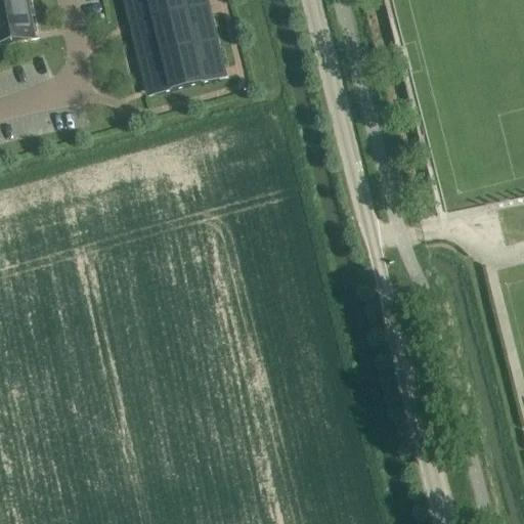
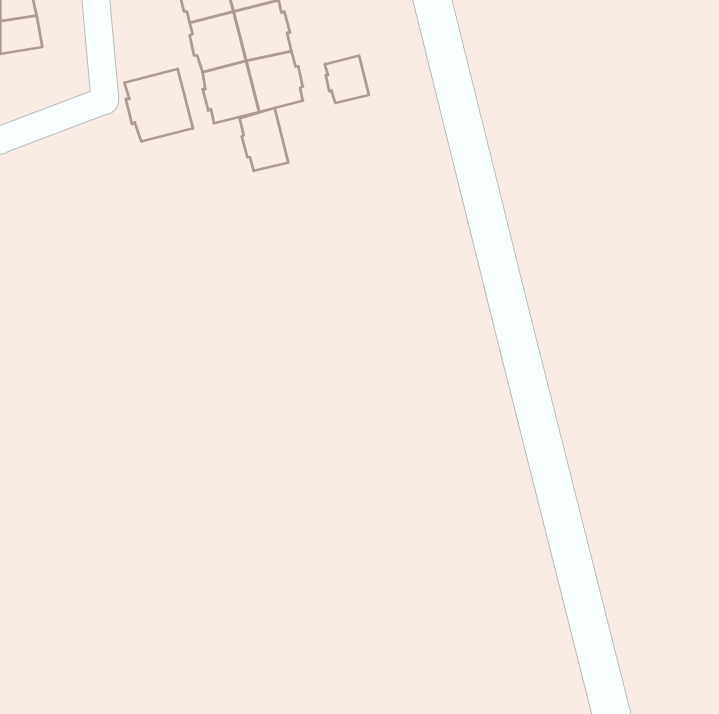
building: none -> [325,56,369,103]
building: none -> [125,69,193,142]
building: none -> [240,108,288,171]

